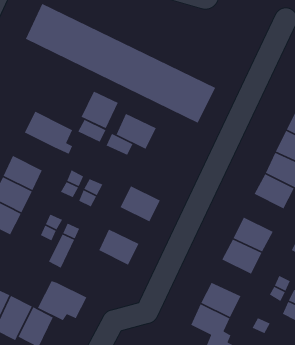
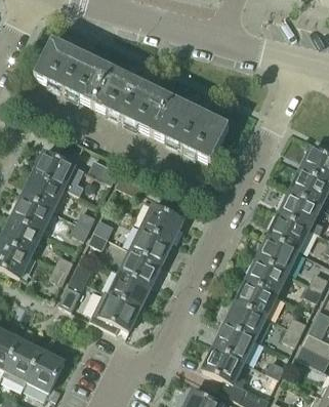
building: [81,90,119,129] -> none
building: [116,113,157,150] -> [141,204,183,242]
building: none -> [22,173,64,211]
building: none -> [256,236,297,274]
building: none -> [119,249,161,286]
building: none -> [223,302,264,339]
building: [37,280,87,321] -> [88,291,139,333]

